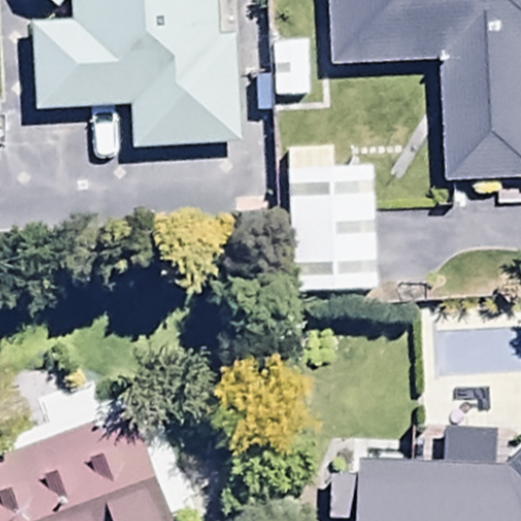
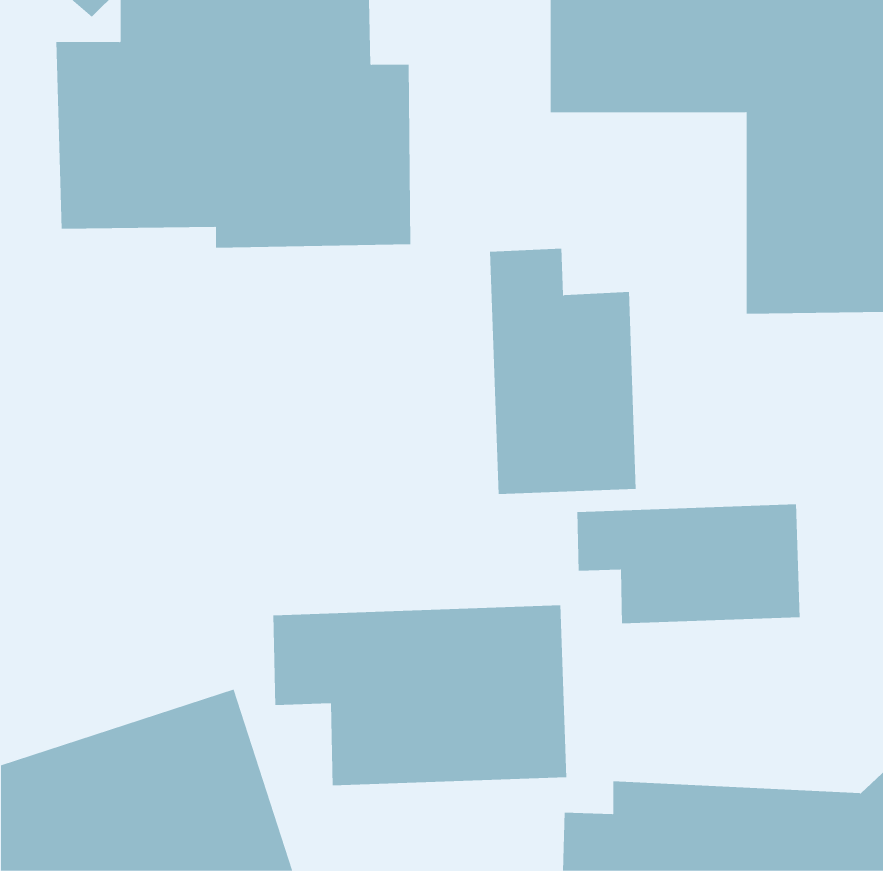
building: none -> [577,504,800,624]
building: none -> [273,604,567,786]

